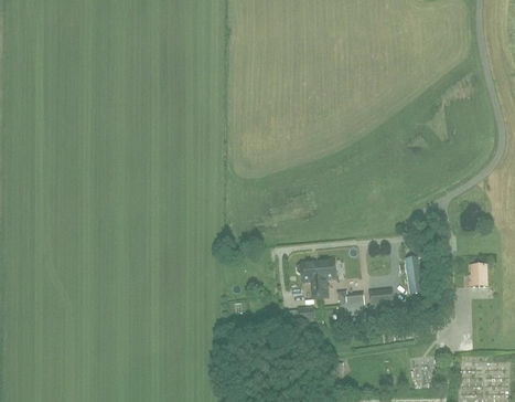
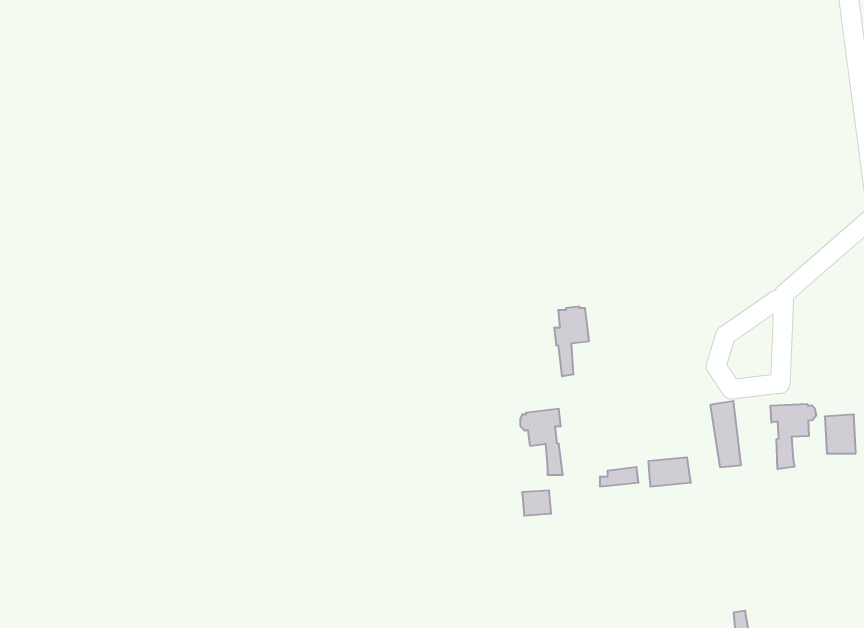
building: none -> [771,404,816,469]
building: [316,258,336,298] -> [554,306,589,376]

